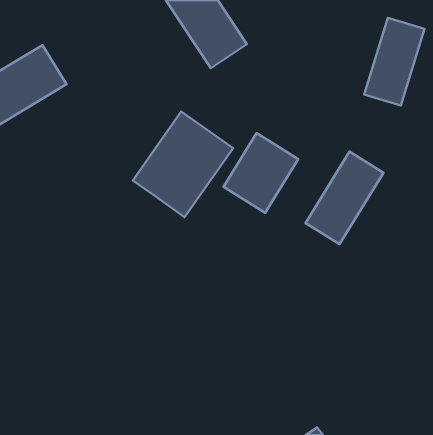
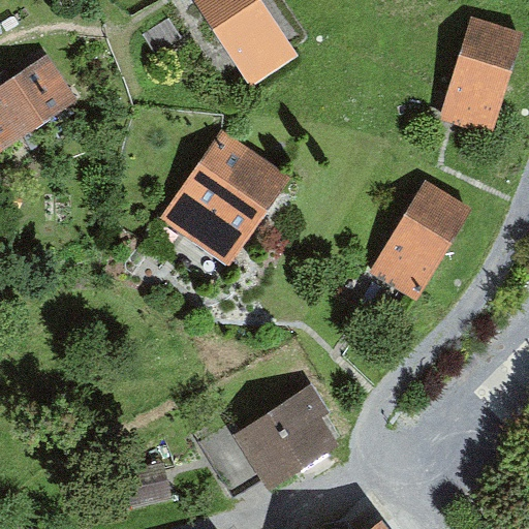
building: [223,133,298,213] -> none
building: none -> [203,385,335,500]

